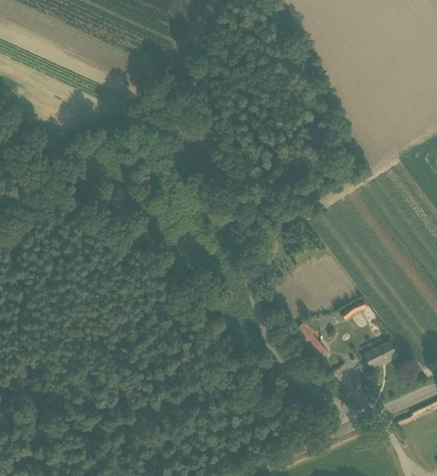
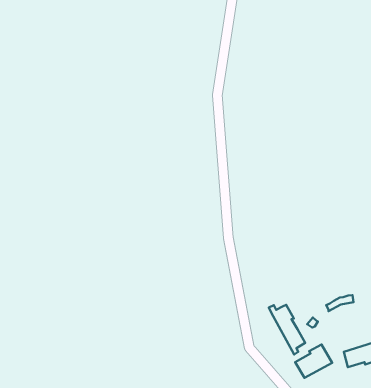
building: none -> [295,345,332,378]

